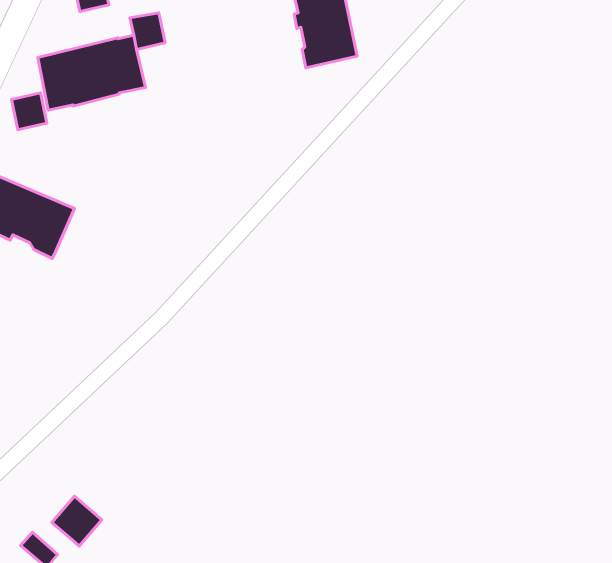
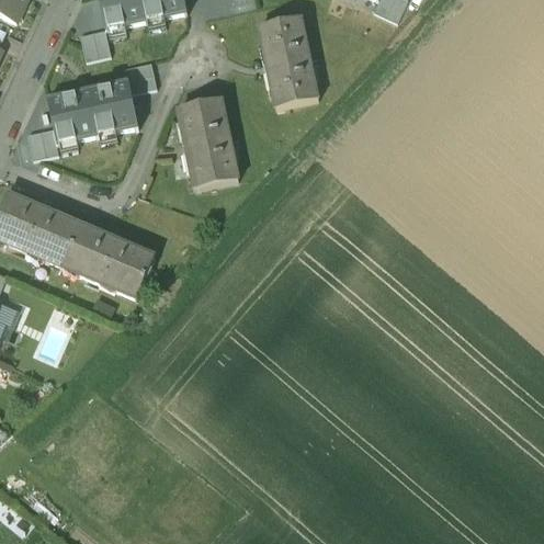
building: none -> [178,97,236,185]
building: none -> [64,223,154,295]
building: [52,496,102,546] -> none

